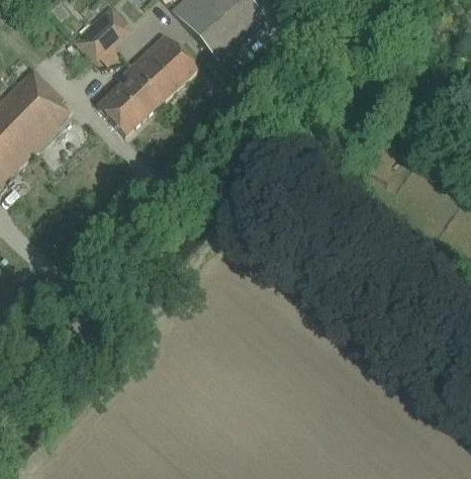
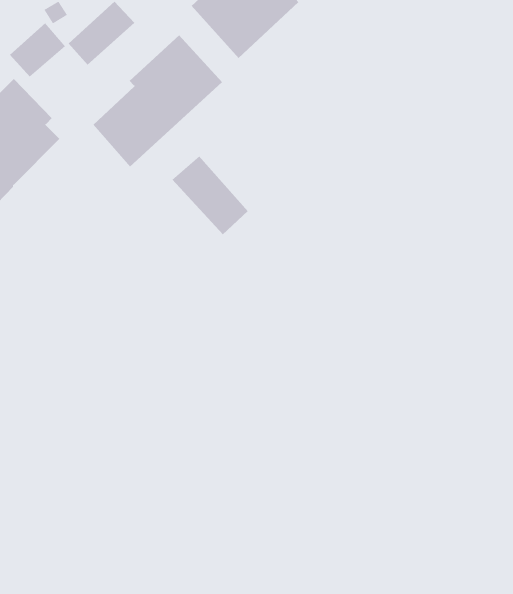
building: none -> [9,23,66,77]
building: none -> [172,156,249,235]

